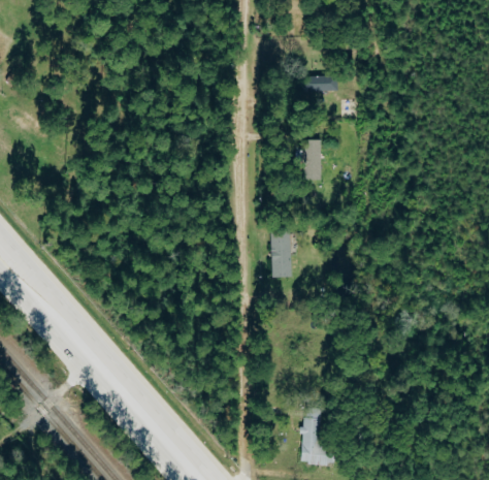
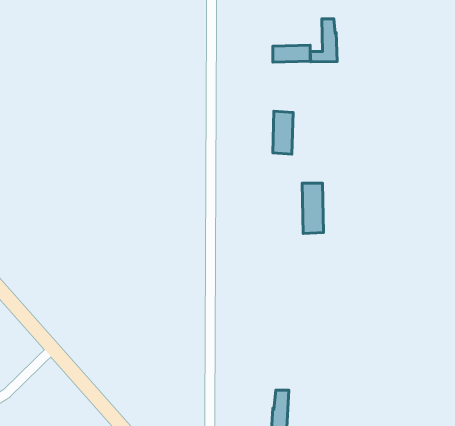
building: none -> [310,19,337,62]
building: [270,230,291,279] -> [302,183,323,233]

